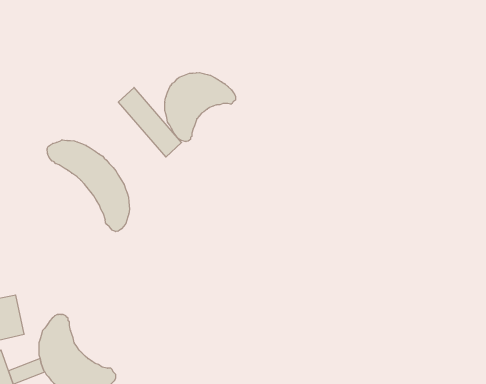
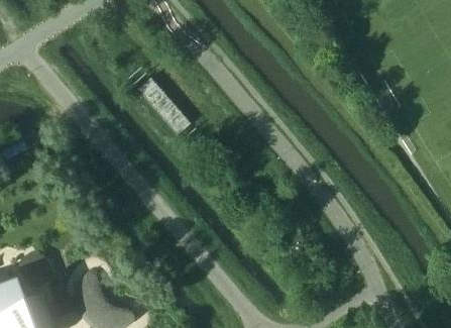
building: [165,73,236,142] -> none
building: [47,140,130,232] -> none

